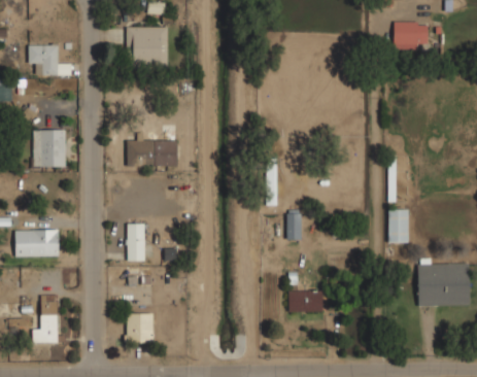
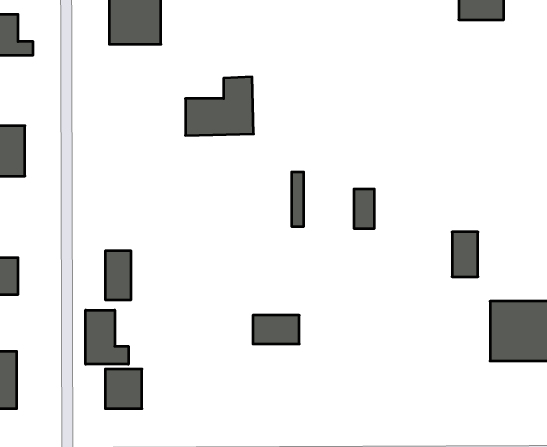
building: [127,124,178,168] -> [185,77,254,135]
building: [286,210,302,240] -> [354,189,374,228]
building: none -> [86,310,128,364]
building: [287,290,322,312] -> [253,315,299,344]

